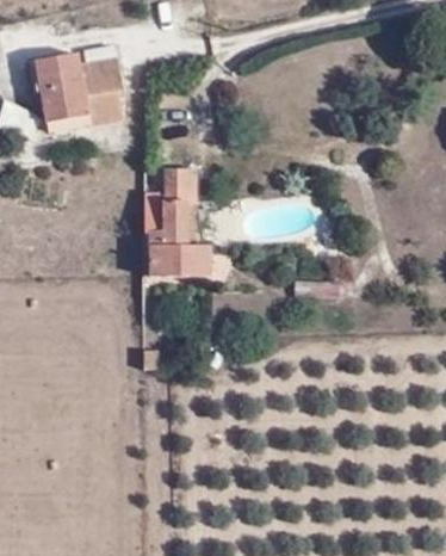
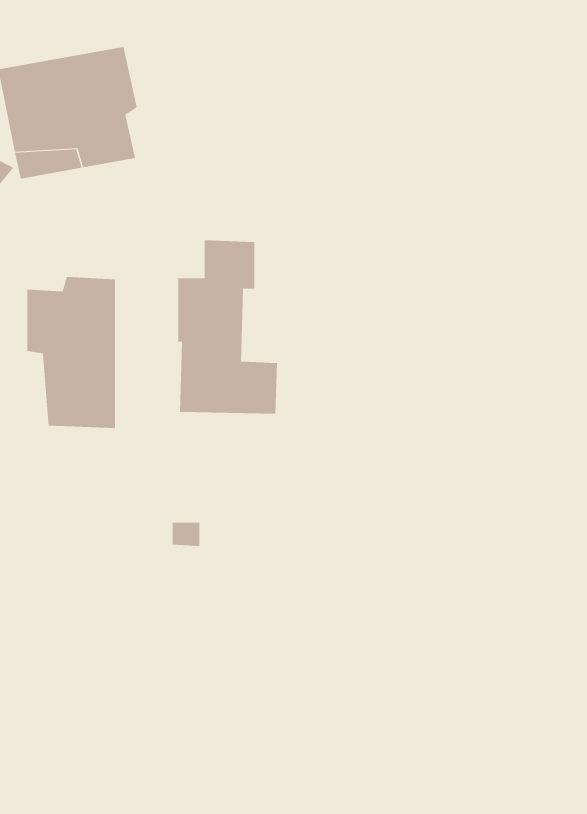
building: none -> [27,276,115,429]

